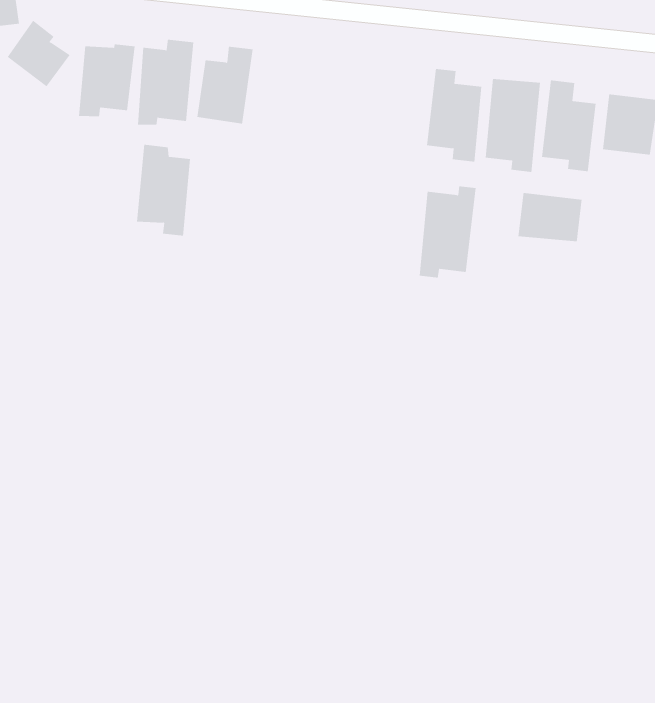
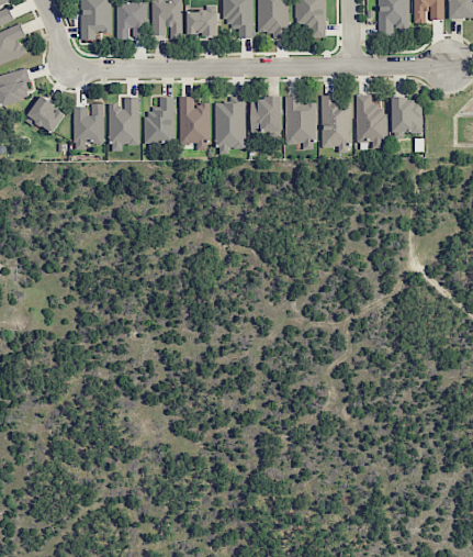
building: none -> [250,98,281,132]
building: [136,144,191,236] -> [179,97,210,149]
building: [419,186,476,278] -> [215,97,245,154]
building: [518,192,582,242] -> none

